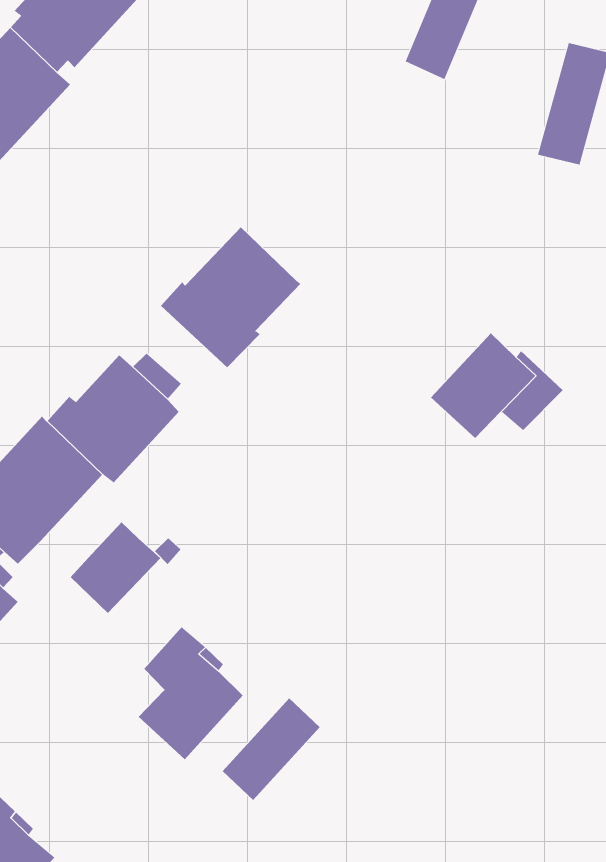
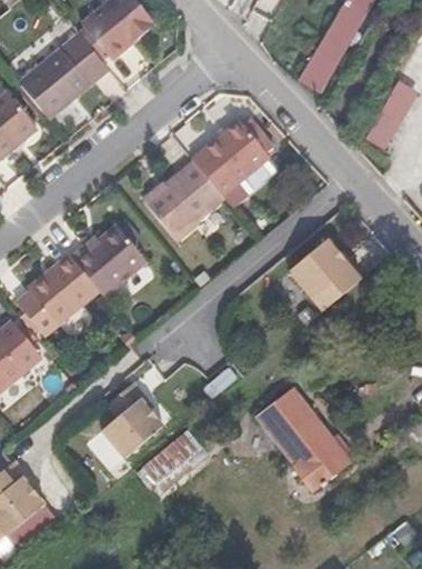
building: none -> [191,119,277,196]
building: [70,521,161,614] -> none
building: none -> [258,389,349,489]

